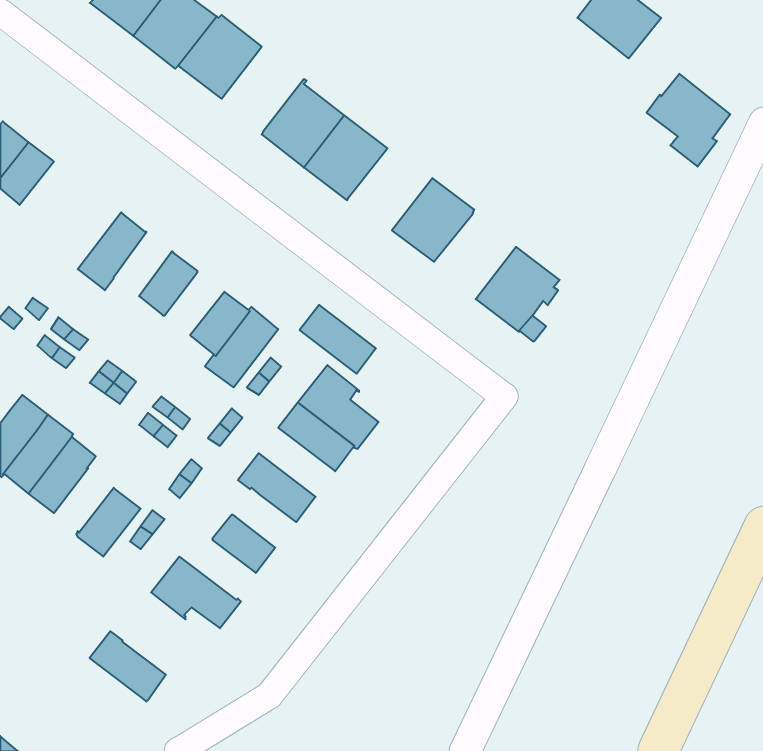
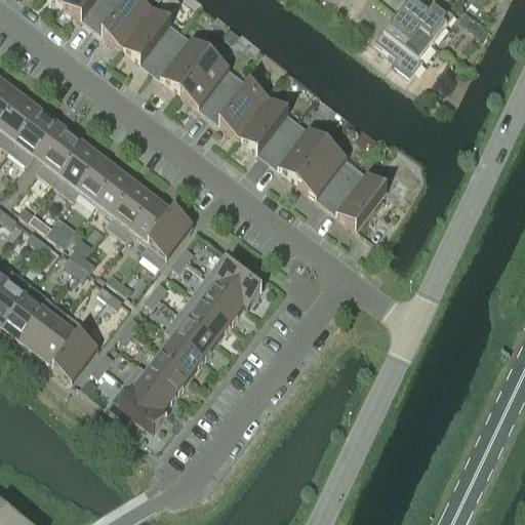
building: none -> [153,32,209,90]
building: [647,74,730,167] -> [374,12,432,76]
building: none -> [240,100,297,158]
building: none -> [8,108,58,163]
building: none -> [36,129,86,185]
building: none -> [297,147,355,205]
building: none -> [79,156,122,203]
building: none -> [107,187,155,239]
building: [300,305,376,374] -> [178,293,231,340]
building: none -> [38,313,86,365]
building: none -> [160,334,204,375]
building: [90,631,166,702] -> [124,363,176,411]

